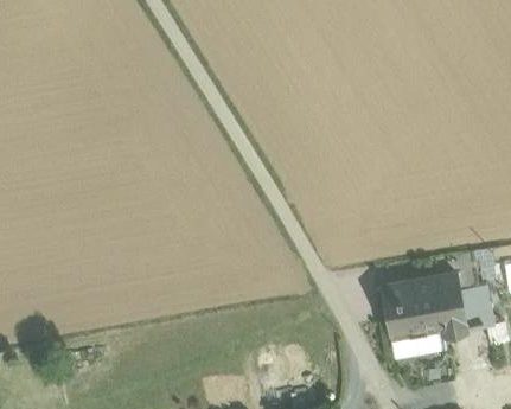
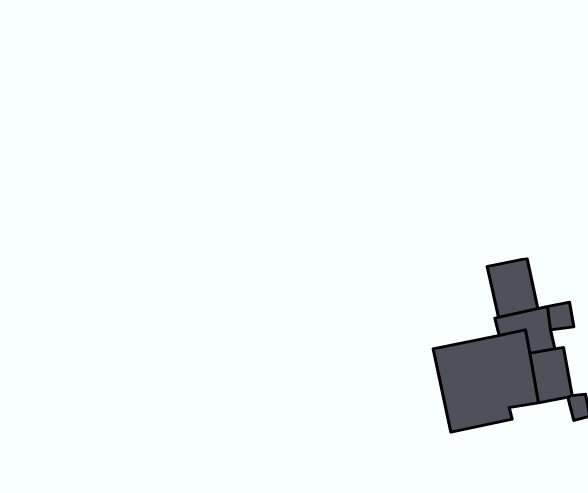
building: none -> [487,259,538,317]

